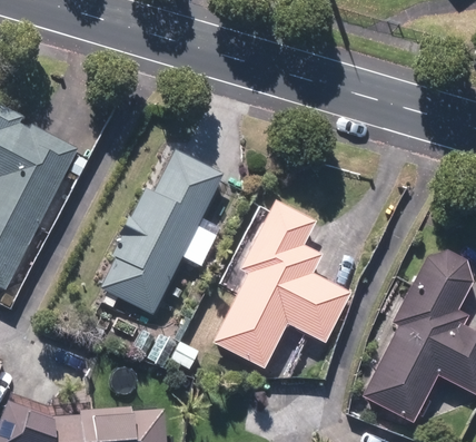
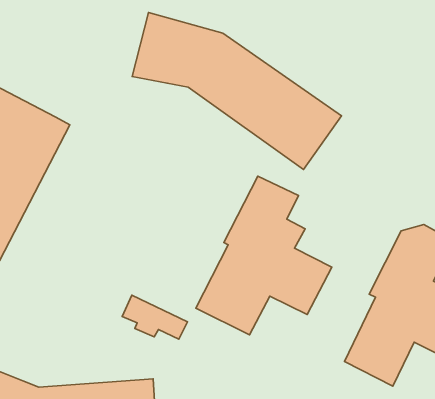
building: none -> [132,13,341,170]
building: [99,149,224,314] -> none

